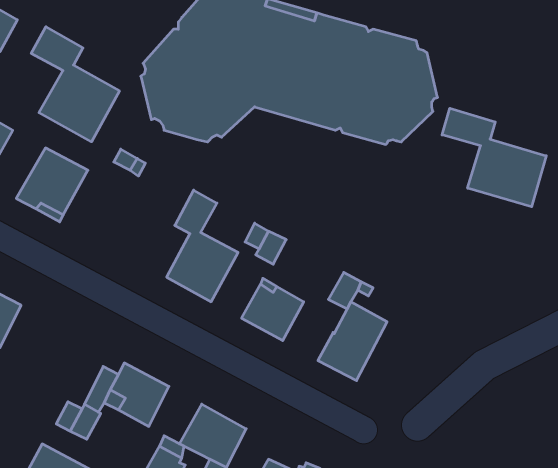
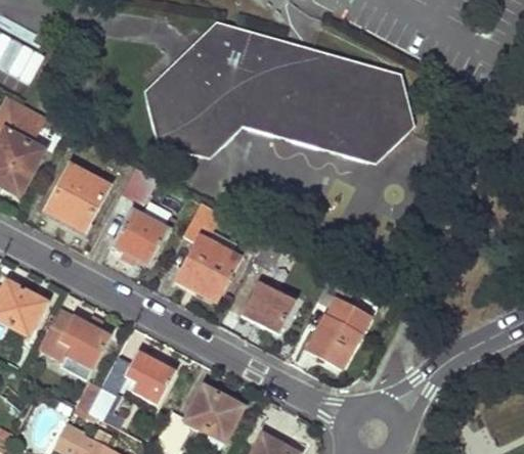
building: [31,27,119,142] -> none
building: [442,108,546,207] -> none
building: none -> [110,208,166,264]
building: none -> [41,311,113,371]

